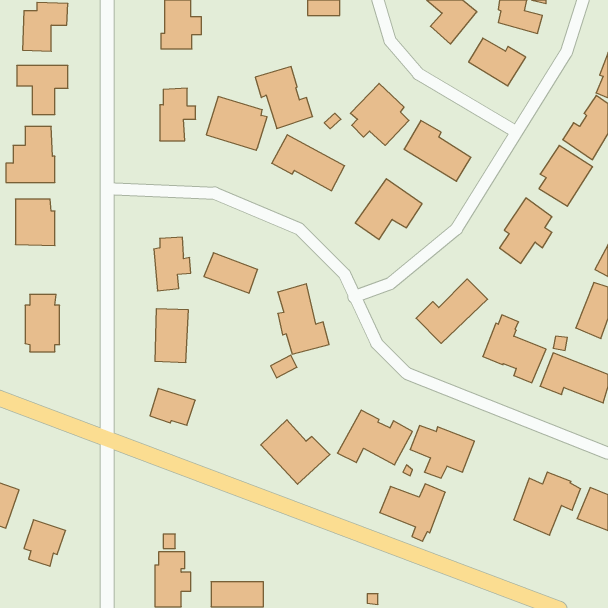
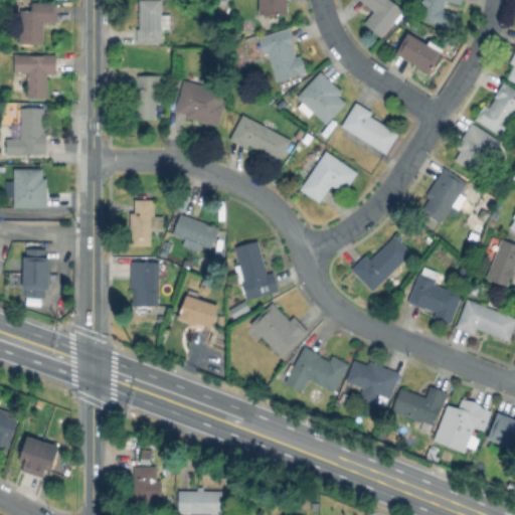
building: [255,67,313,129] -> [259,29,307,81]
building: [150,388,195,425] -> [178,296,216,327]
building: [261,420,330,484] -> [250,303,309,357]
building: [380,484,445,541] -> [392,386,448,435]

